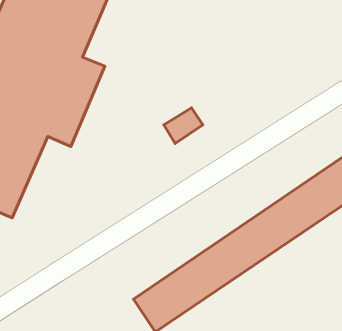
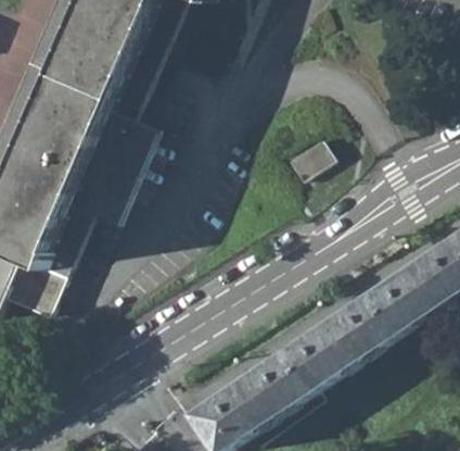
building: [164,108,203,144] -> [288,137,335,180]

